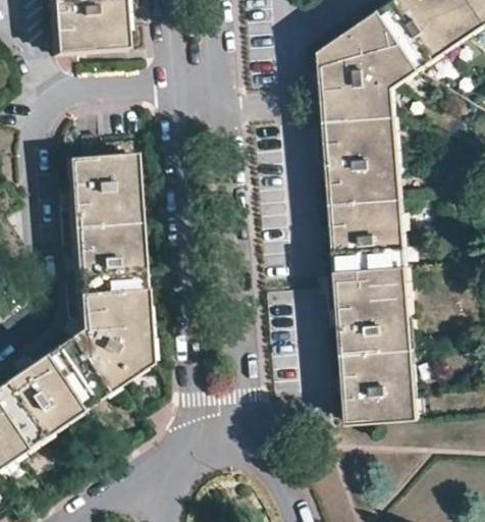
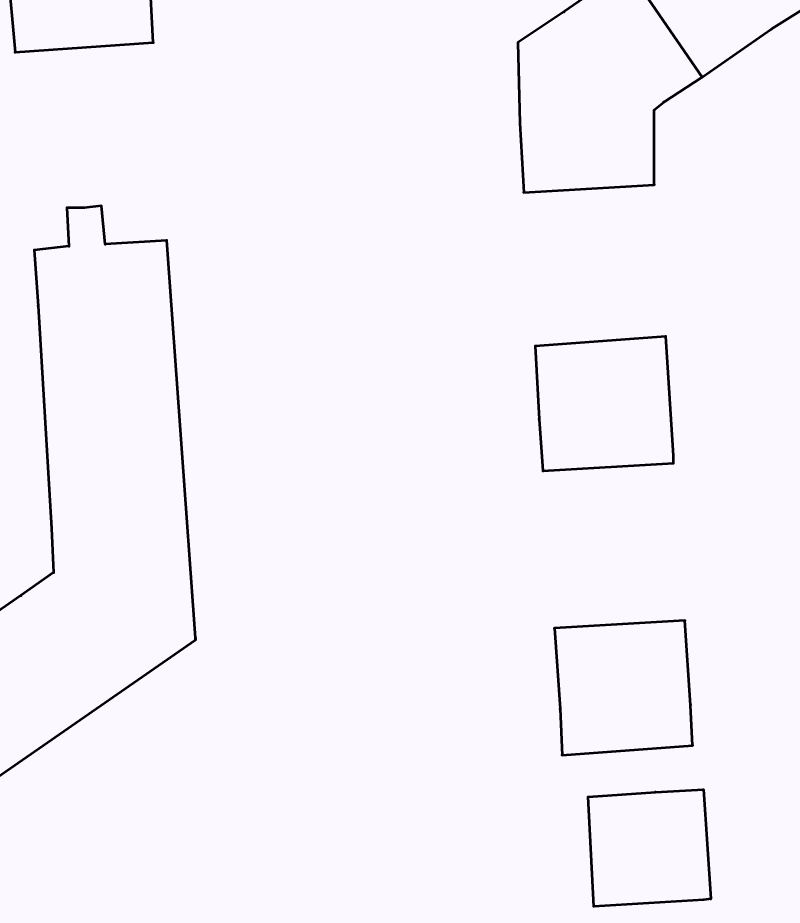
building: [324,122,399,208] -> none
building: [334,270,410,358] -> none
building: none -> [588,790,711,906]

